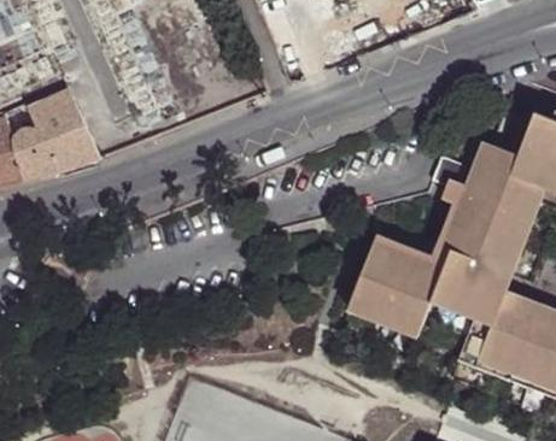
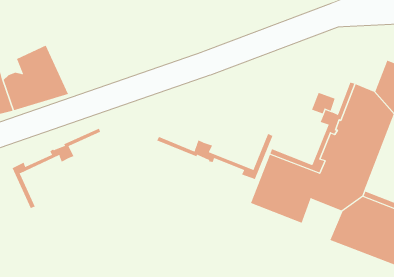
building: none -> [12,128,101,209]
building: none -> [157,133,273,180]

